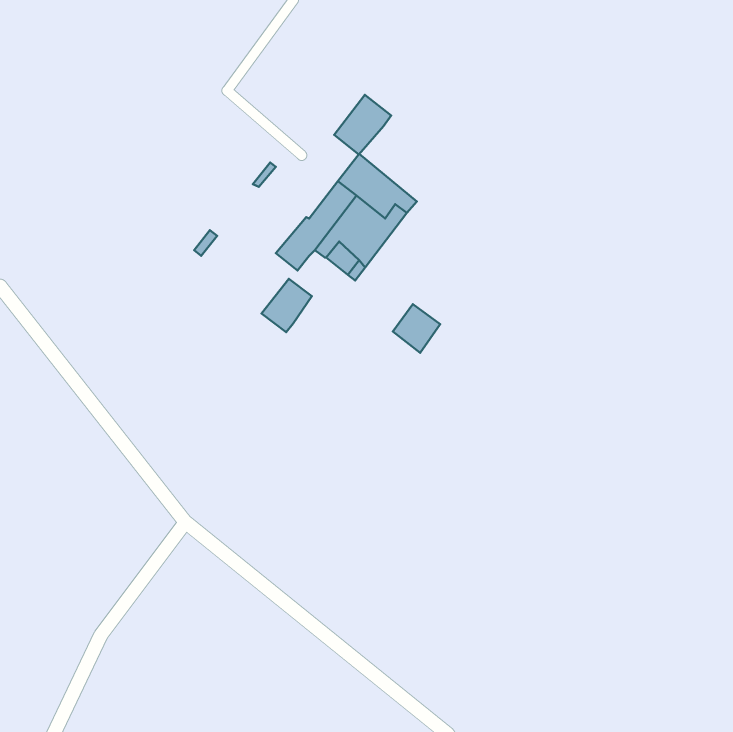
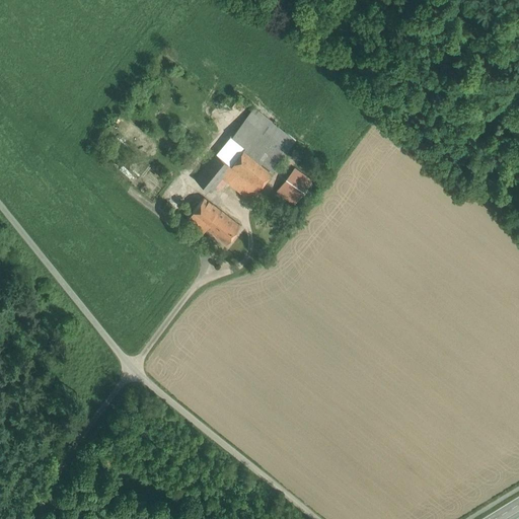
building: [334,95,391,155] -> none
building: none -> [208,211,241,245]
building: [393,304,440,353] -> [278,172,311,207]

